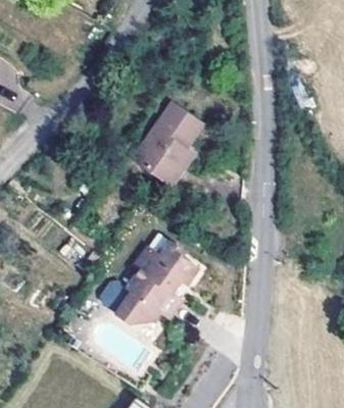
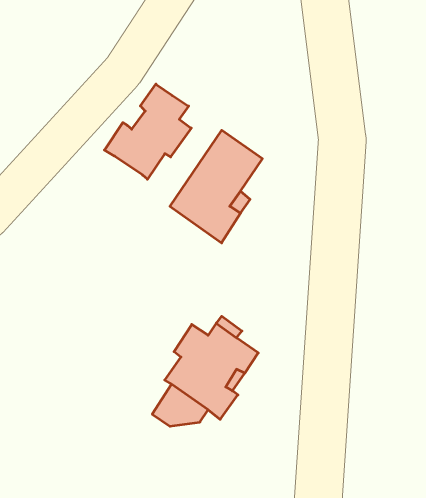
building: none -> [104,84,191,179]

